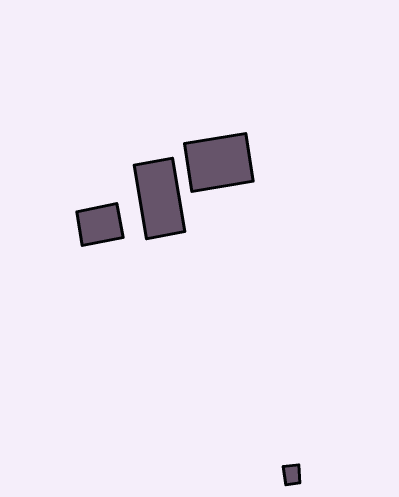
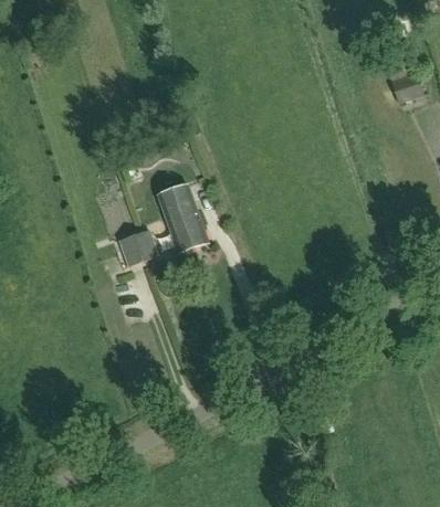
building: [185,133,253,191] -> none

